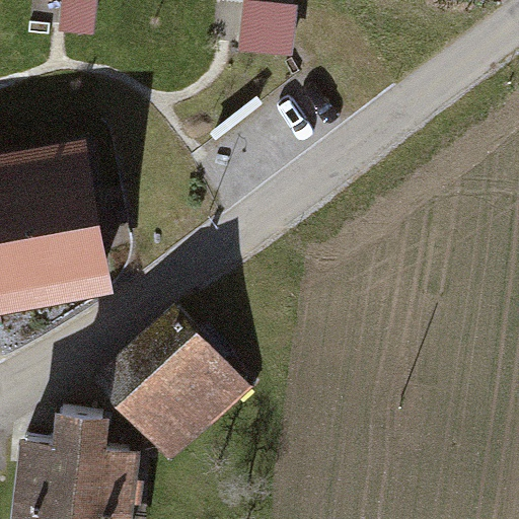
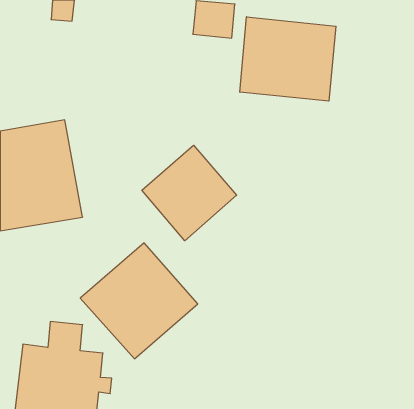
building: none -> [240,17,336,101]
building: none -> [142,145,237,241]

